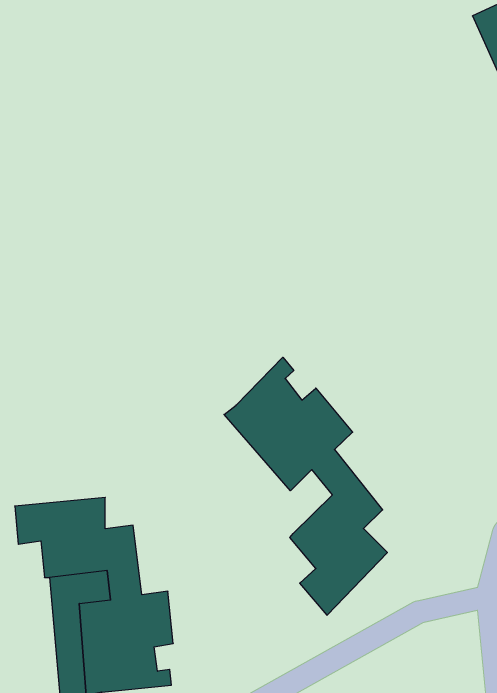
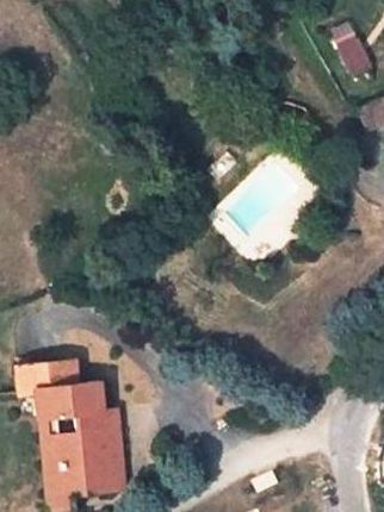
building: [224,357,387,615] -> none

